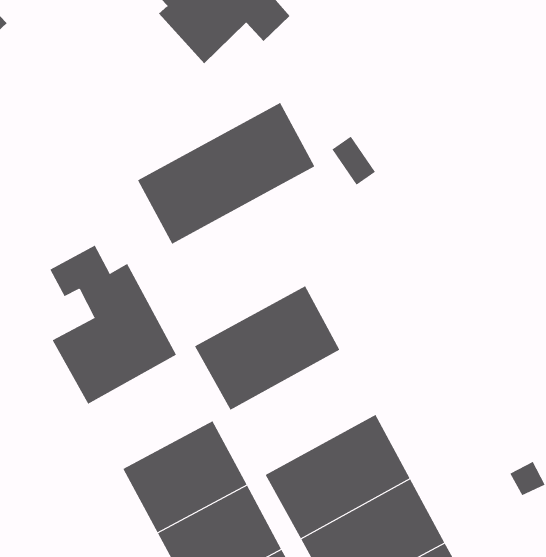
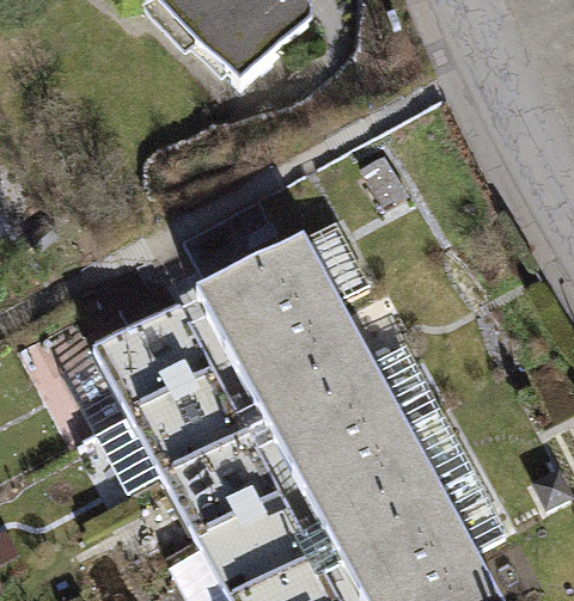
building: [137,102,315,244] -> [193,215,365,352]
building: none -> [261,356,402,477]
building: none -> [123,361,244,471]

